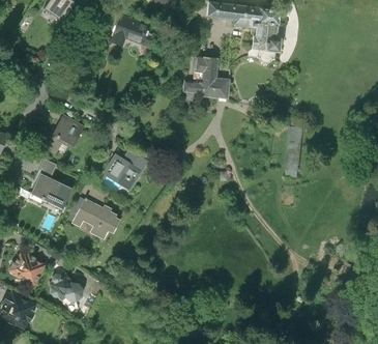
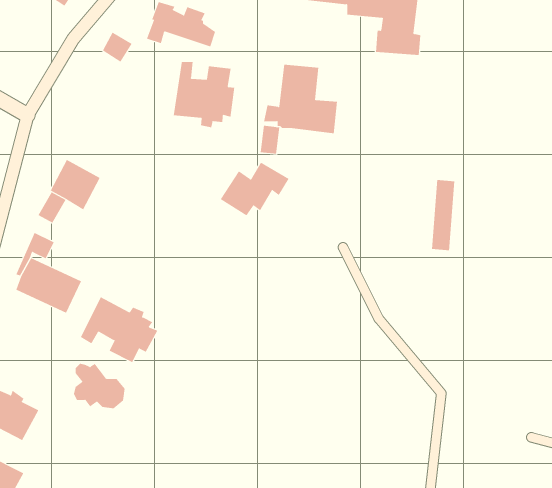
building: none -> [173,61,235,128]
building: [105,149,147,182] -> [220,162,289,216]
building: [53,275,85,303] -> [73,363,126,409]

